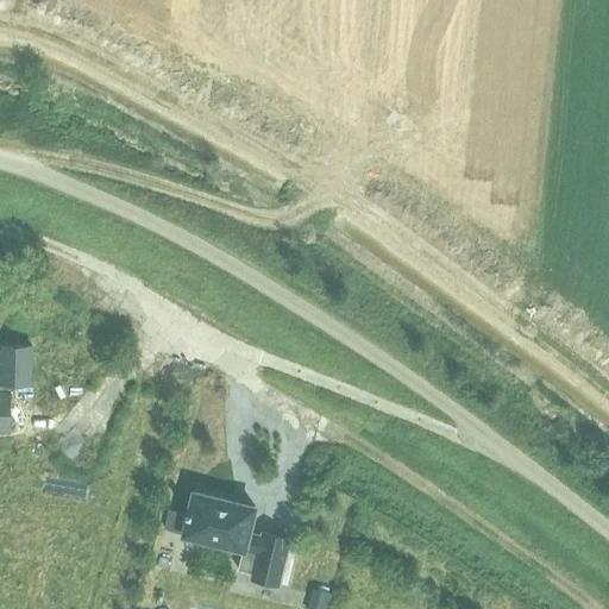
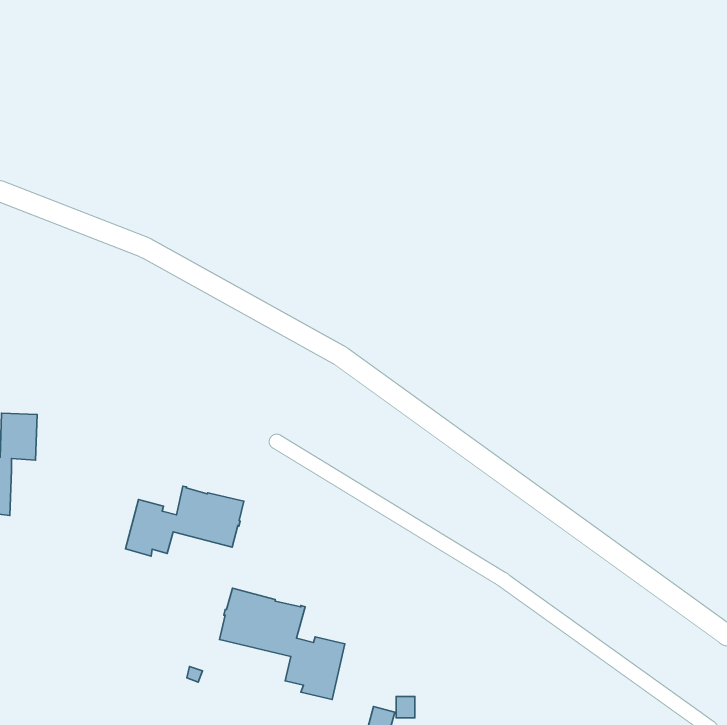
building: none -> [125,486,244,556]

